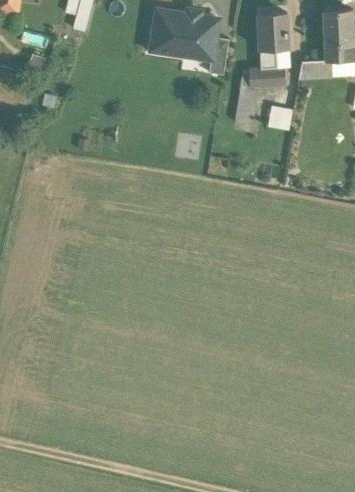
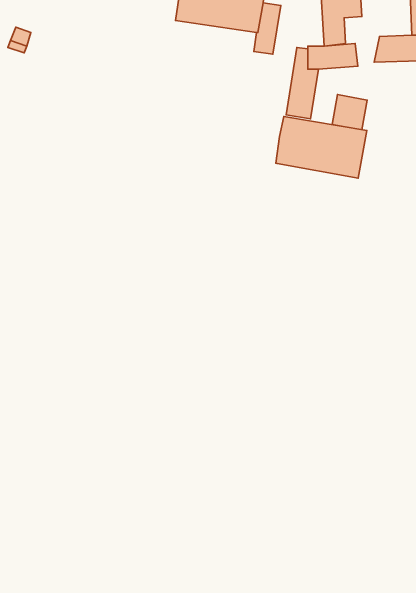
building: none -> [276,117,367,178]

